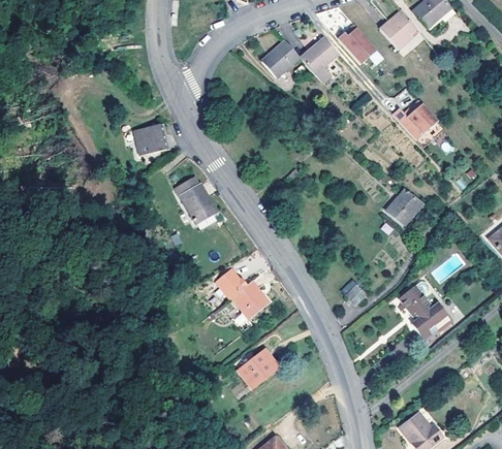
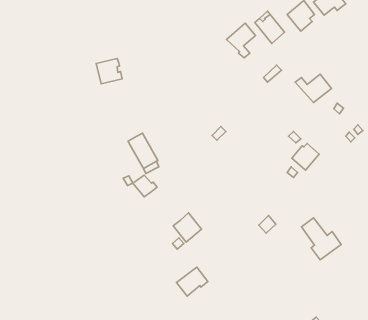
building: [263,40,301,75] -> none
building: [135,122,168,154] -> [96,59,122,84]
building: [213,274,244,301] -> [133,175,157,197]

